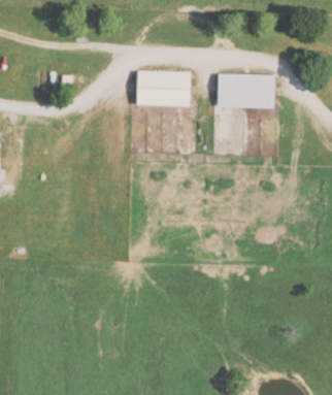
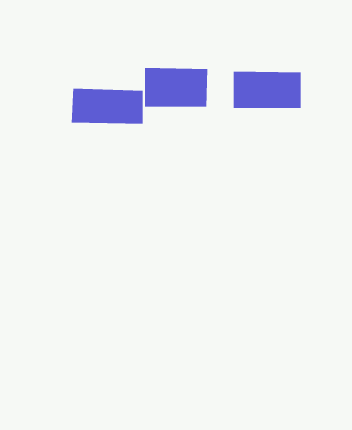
building: none -> [71,88,143,124]

